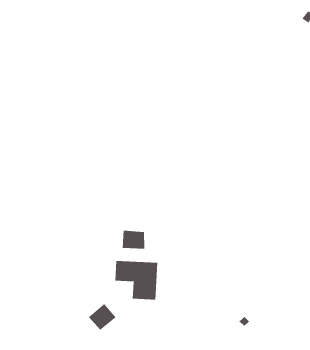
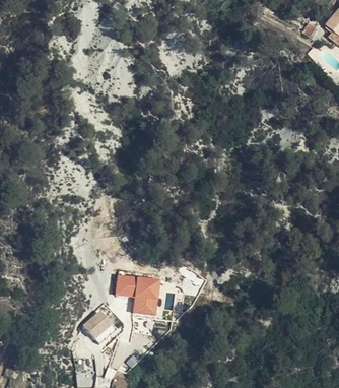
building: [122,230,145,249] -> none

